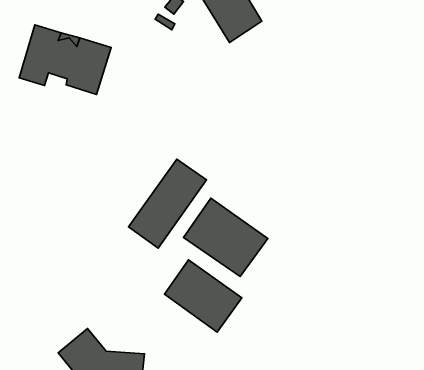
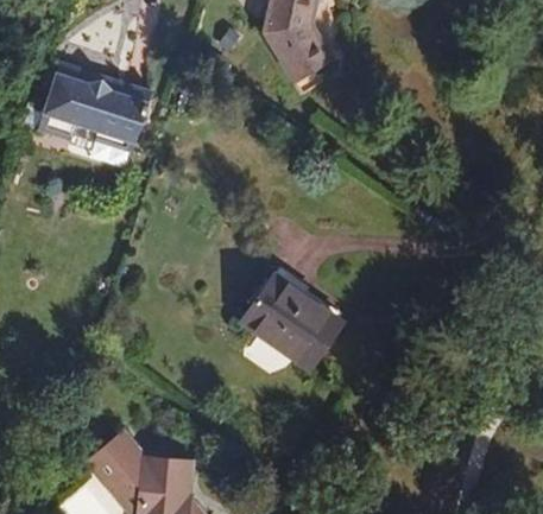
building: [128,159,207,248] -> none
building: [165,260,242,332] -> none

